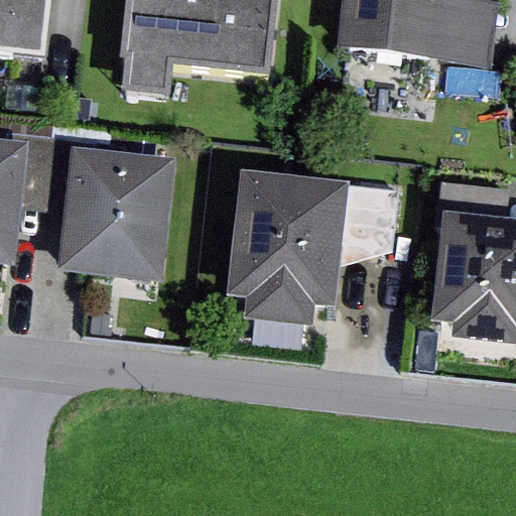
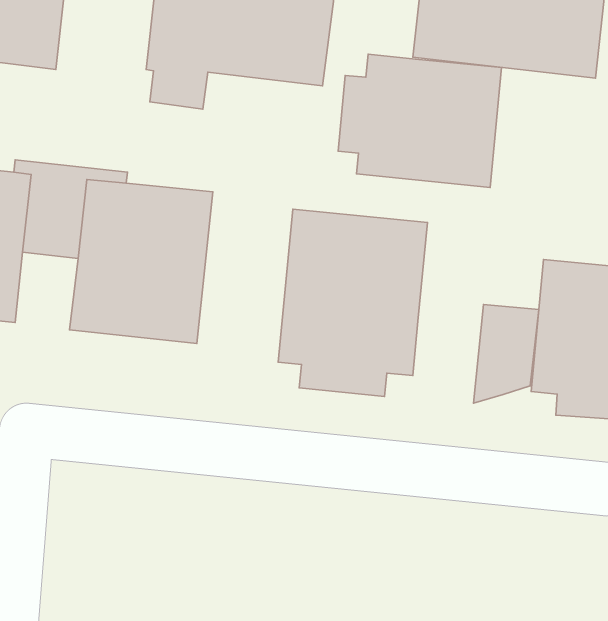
building: none -> [338,54,502,187]
building: [343,182,396,263] -> [474,304,539,403]

